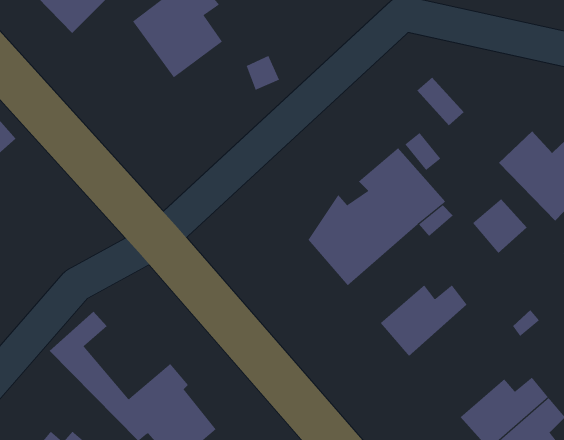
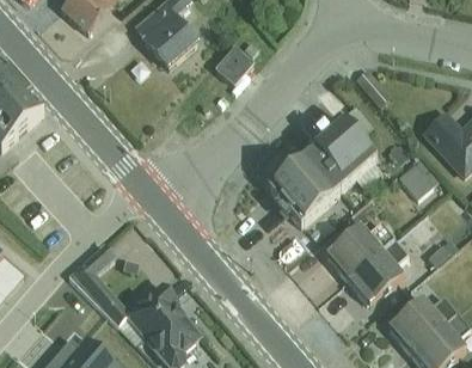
building: none -> [349,241,409,303]

